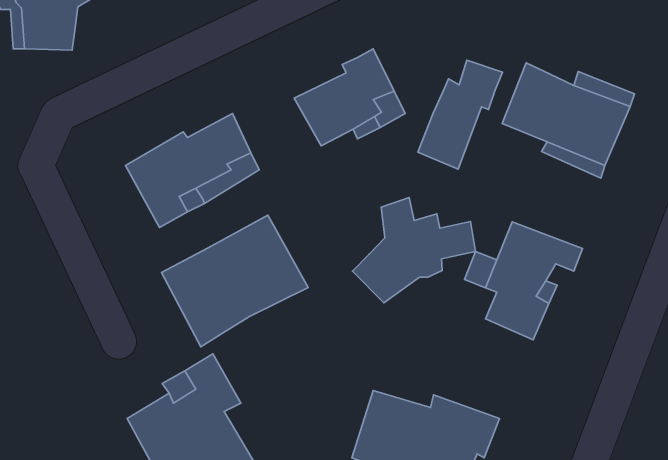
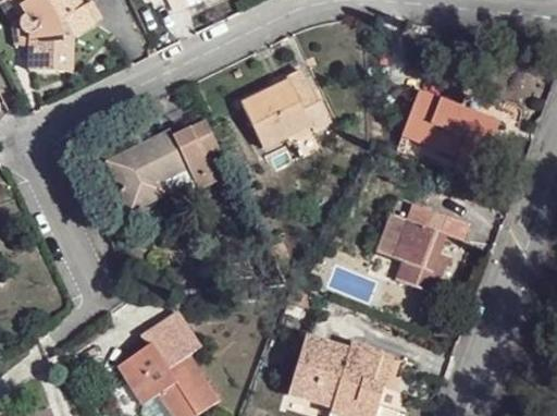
building: [418,60,503,169] -> none
building: [352,198,476,303] -> none
building: [162,215,308,347] -> none

